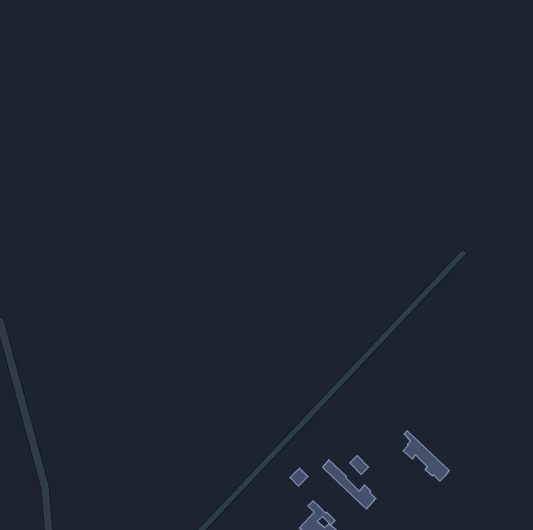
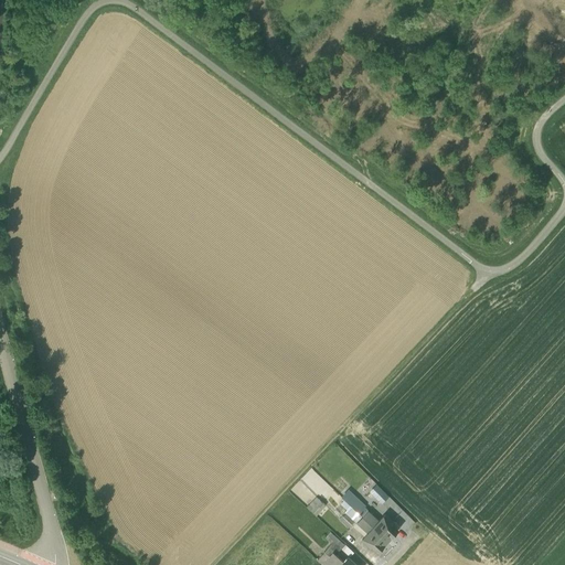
building: [403,431,449,481] -> [340,500,388,553]

